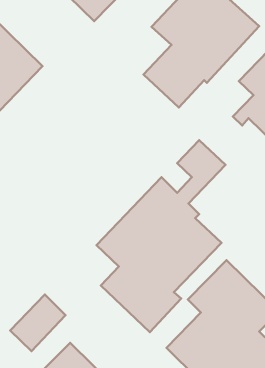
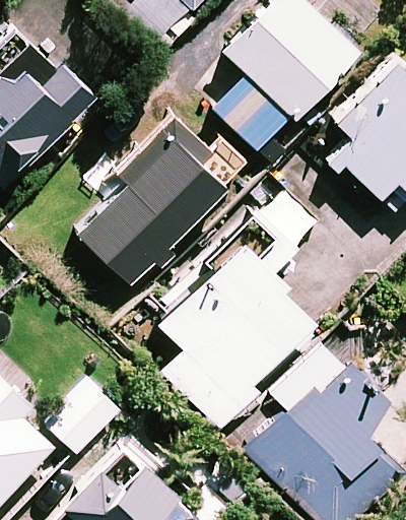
building: none -> [79,115,224,285]

